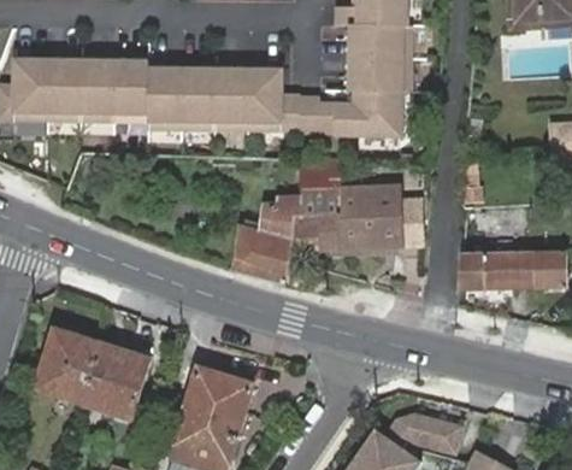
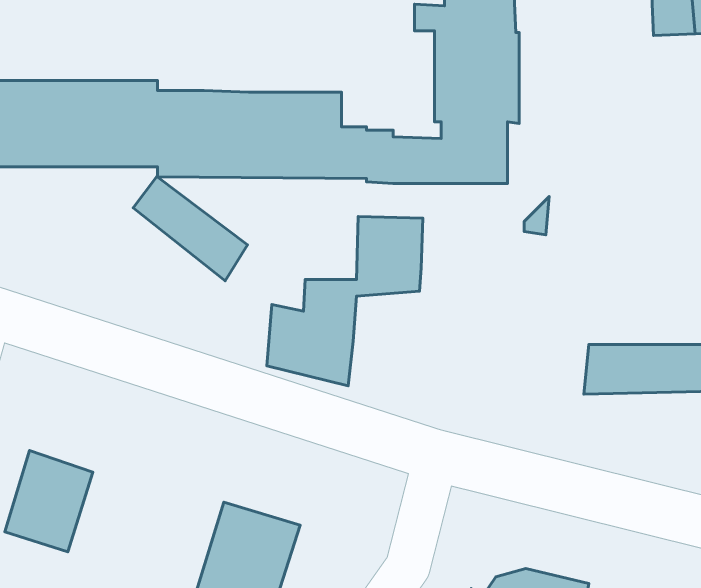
building: none -> [133,176,247,281]
building: [290,192,399,248] -> none
building: [83,343,151,416] -> none

